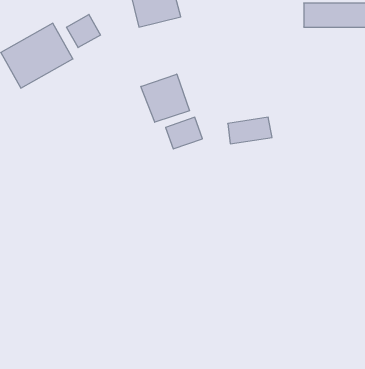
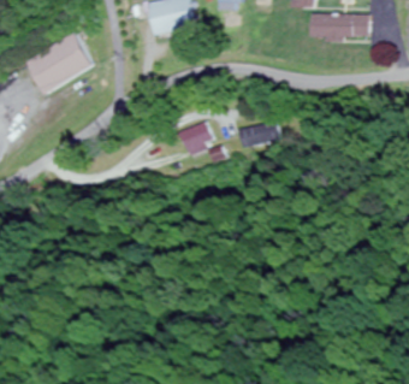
building: [67,14,100,48] -> none
building: [141,74,190,122] -> none

